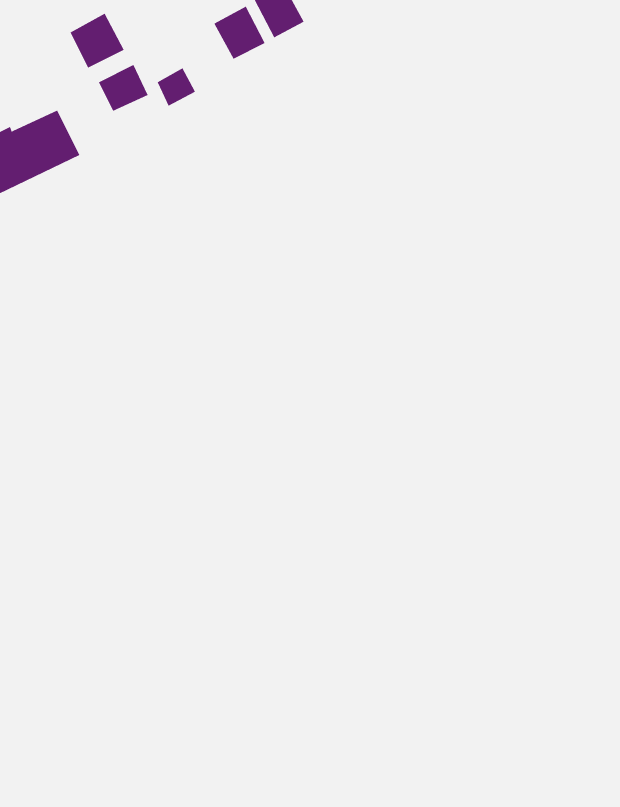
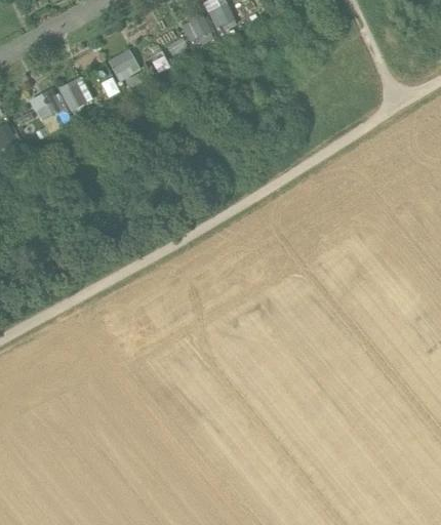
building: [70,13,125,68] -> none

